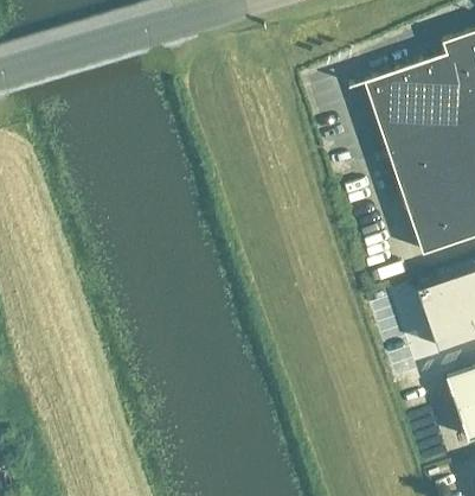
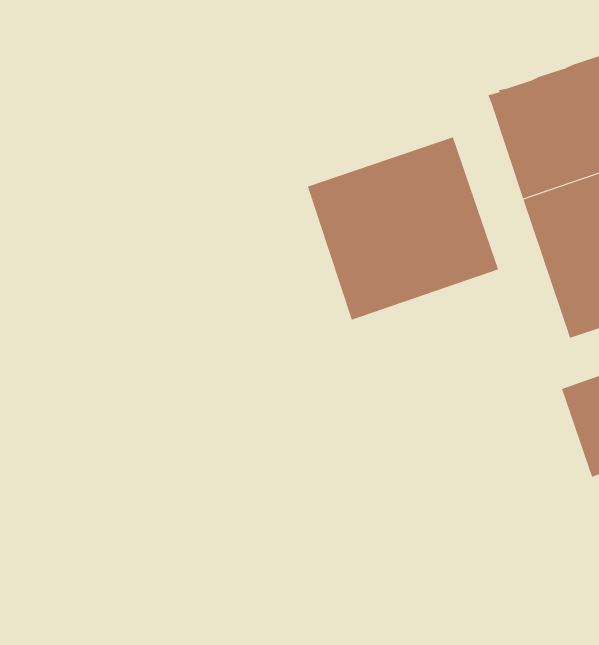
building: none -> [307,137,499,321]

